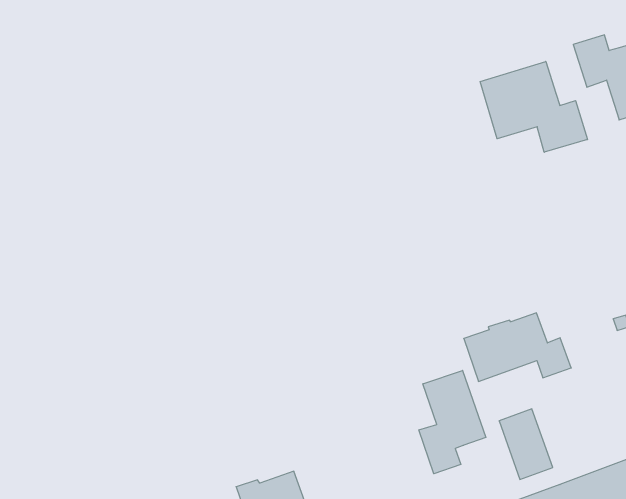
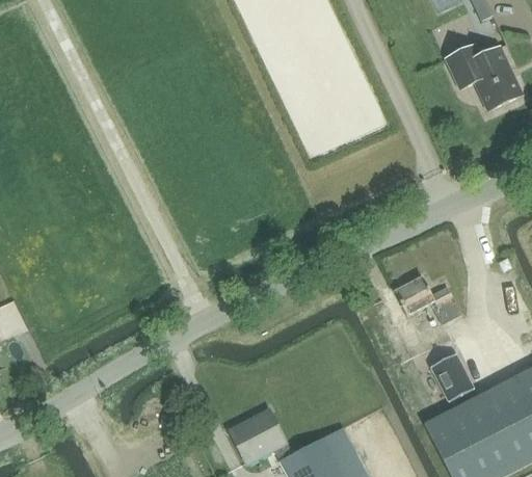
building: [480,61,587,152] -> none
building: [419,370,486,474] -> none

